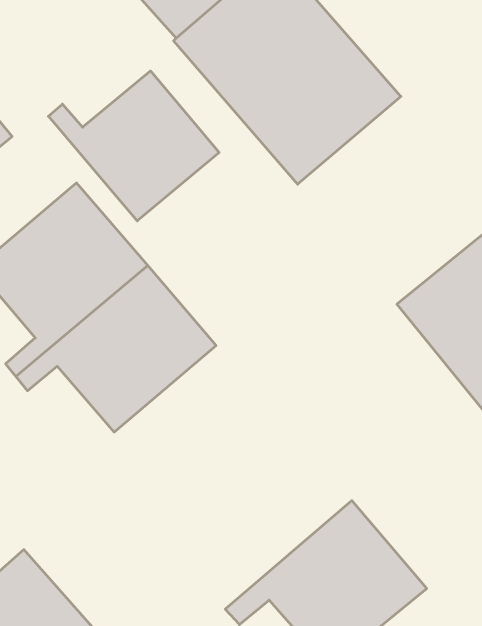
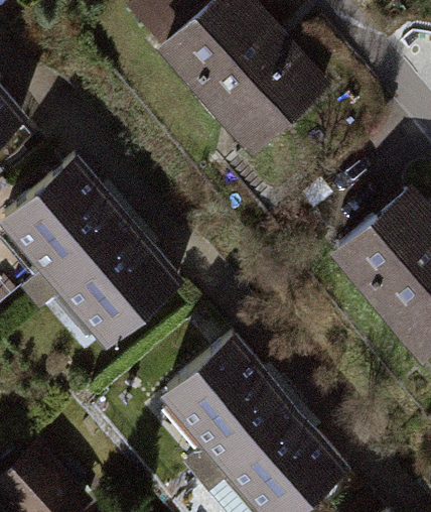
building: [48,71,219,221] -> none
building: none -> [161,338,293,489]

